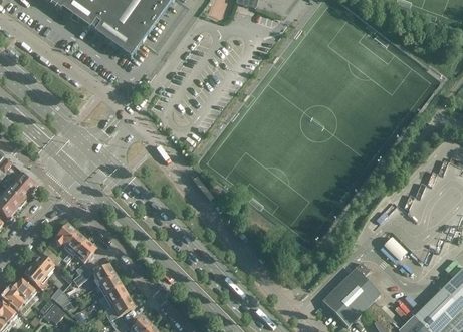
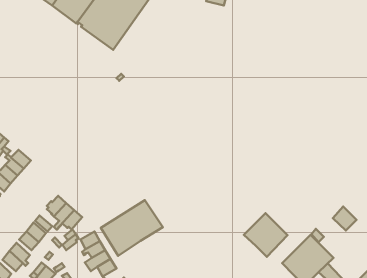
building: none -> [101,200,163,256]
building: none -> [244,213,288,257]

